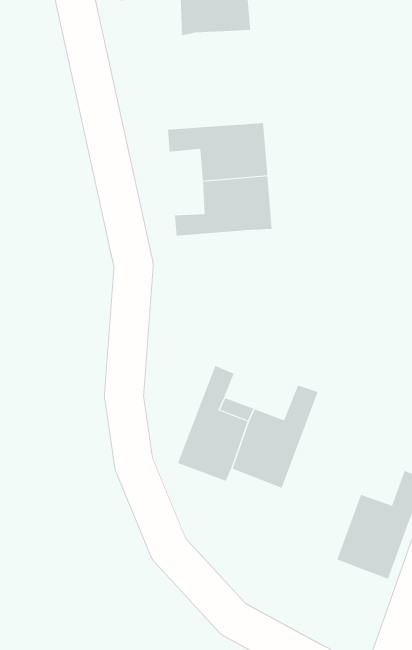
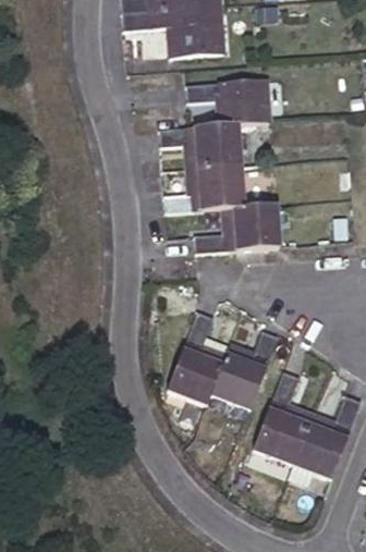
building: none -> [185,78,269,126]
building: none -> [196,205,280,254]
building: none -> [254,370,312,465]

